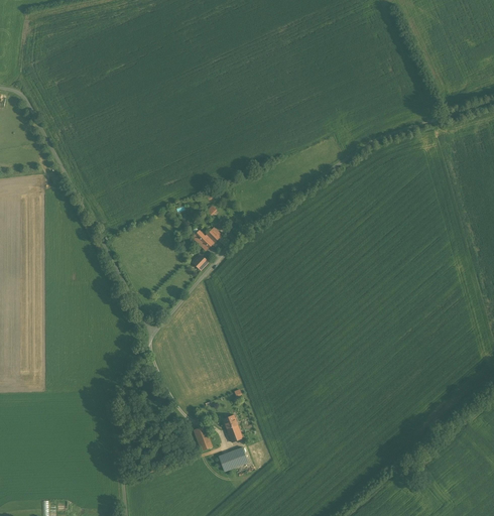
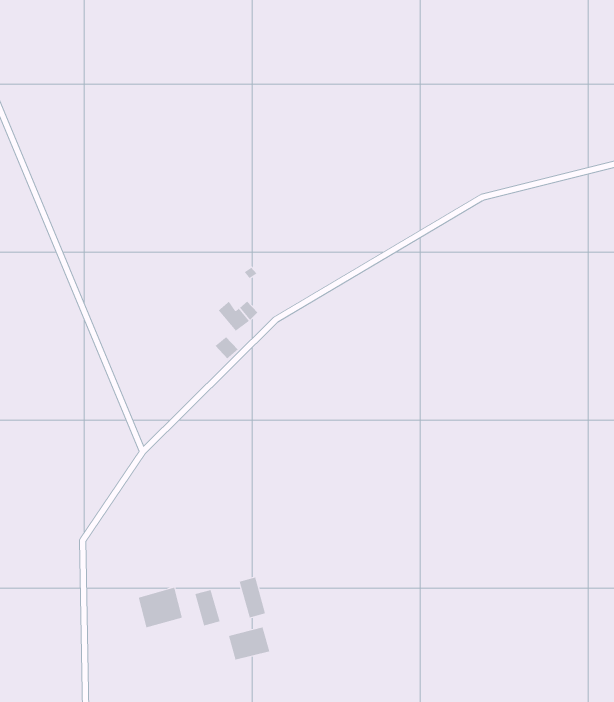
building: none -> [138,587,183,628]

